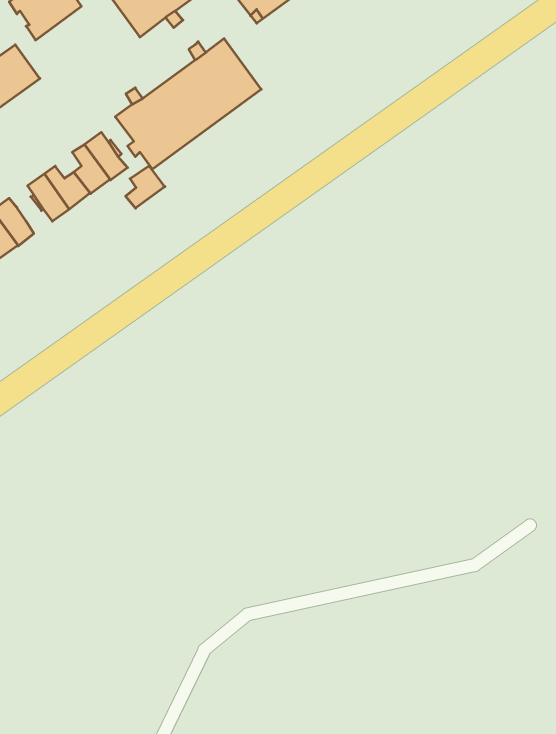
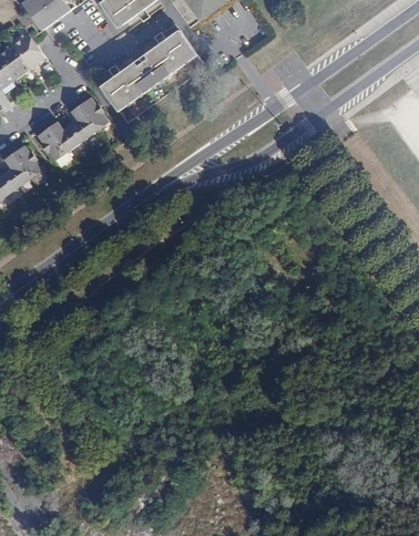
building: [126,166,165,208] -> none

